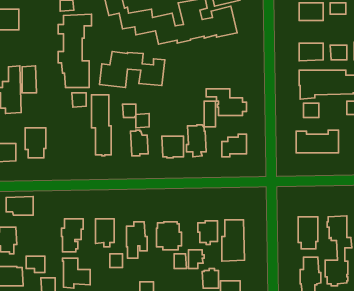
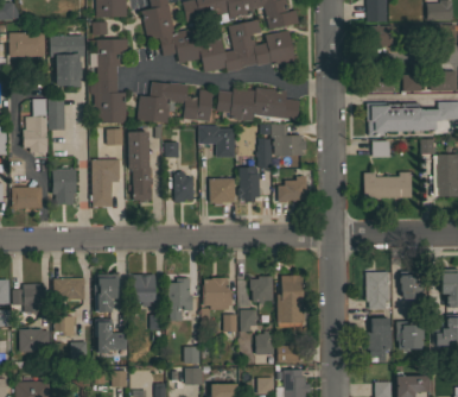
building: none -> [50,36,85,87]
building: none -> [216,88,299,122]
building: none -> [198,127,235,158]
building: none -> [91,160,119,207]
building: [6,196,33,215] -> [53,278,84,300]

